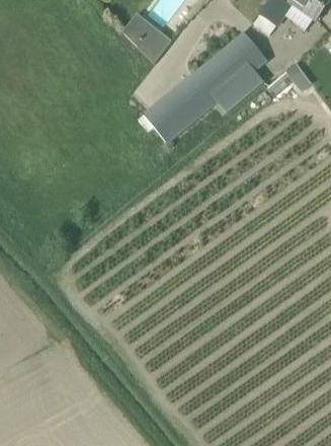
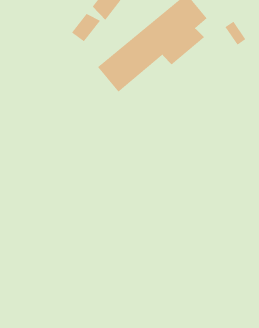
building: none -> [71,13,101,42]

